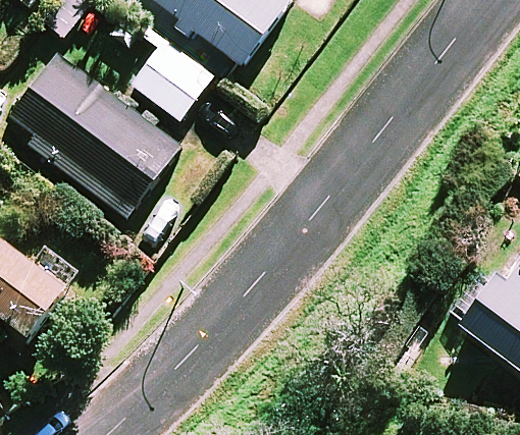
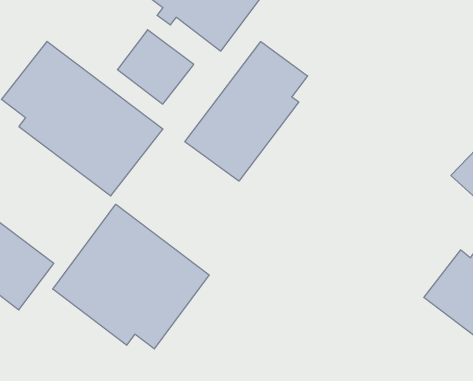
building: none -> [185,42,308,181]
building: none -> [53,204,209,349]

